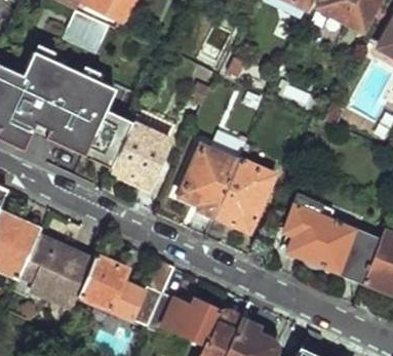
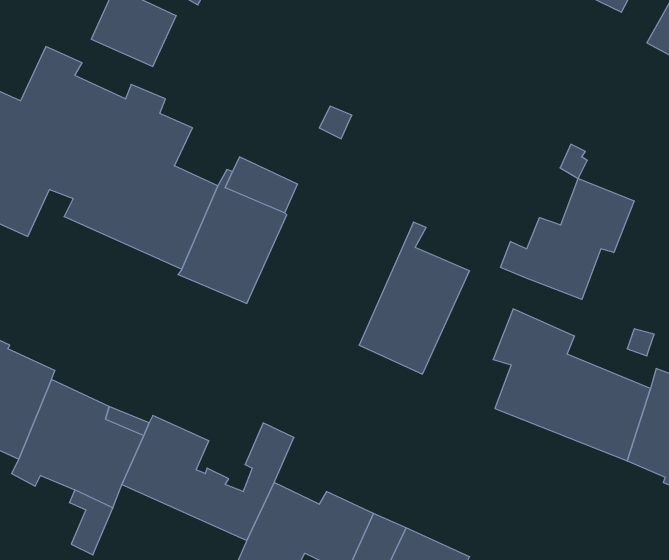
building: none -> [500,179,634,299]
building: [179,134,246,214] -> none

